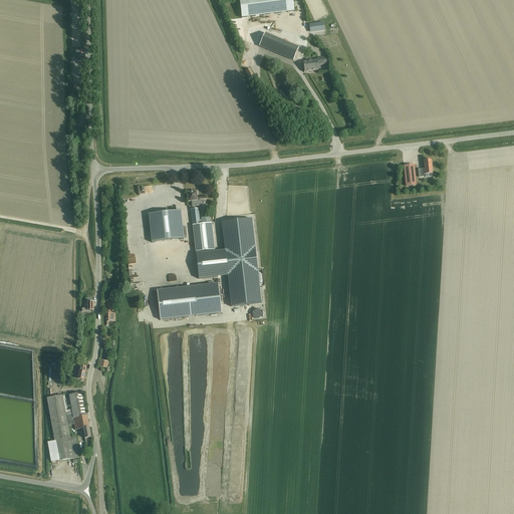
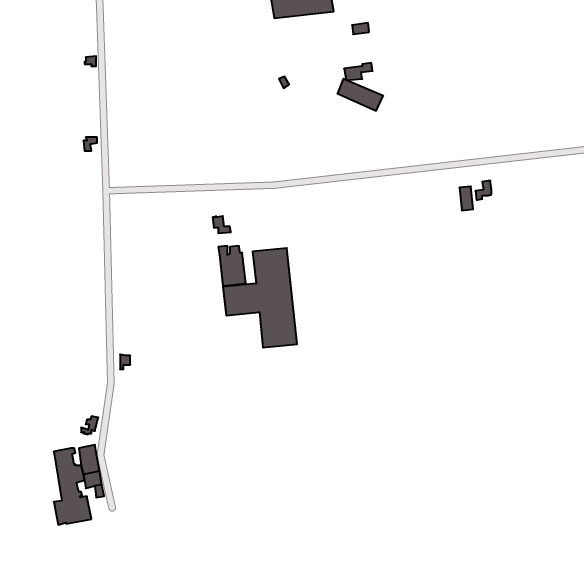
building: [259,31,299,59] -> [337,79,383,111]
building: [148,210,183,241] -> none
building: [157,282,221,318] -> none

